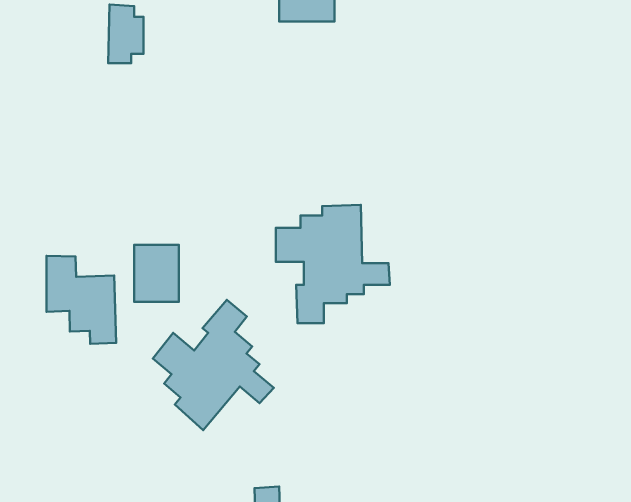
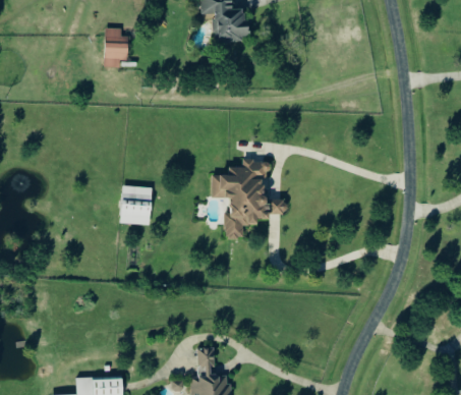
building: [47,256,116,344] -> none
building: [153,300,274,430] -> none

